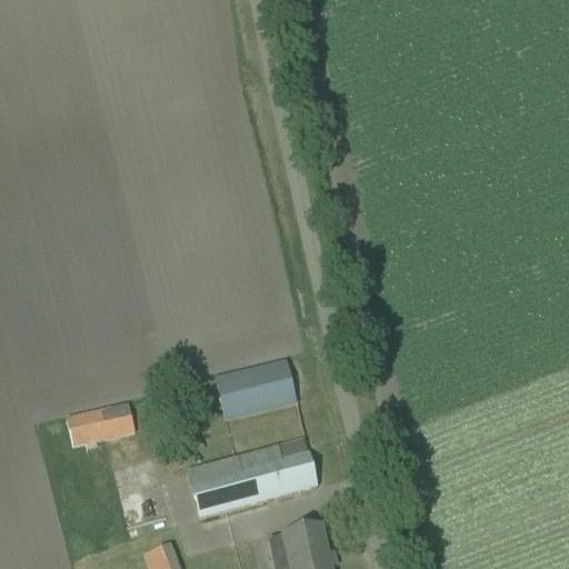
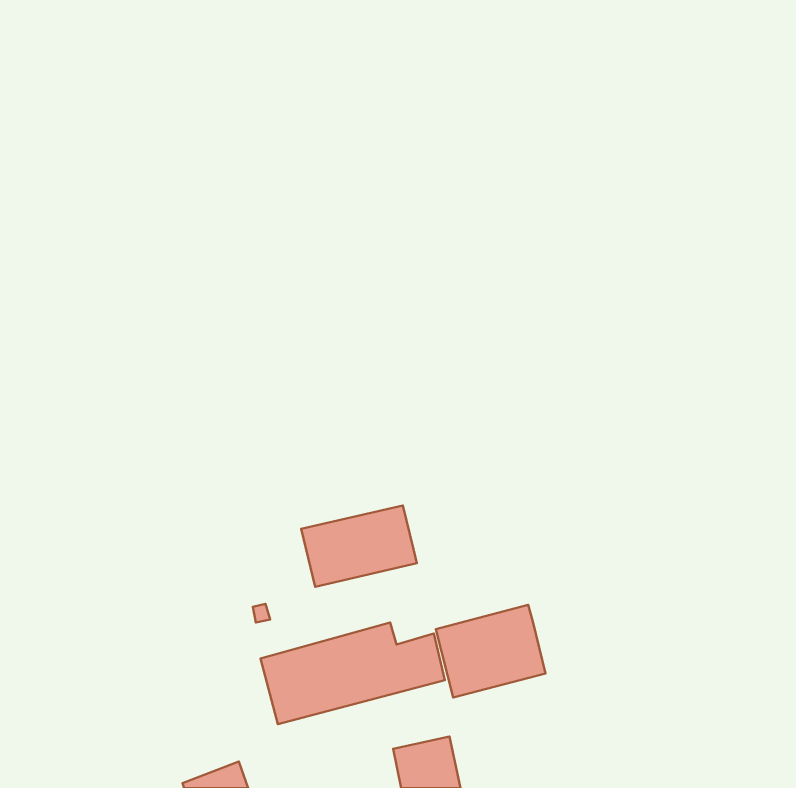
building: [66,401,136,446] -> none
building: none -> [436,605,546,698]

